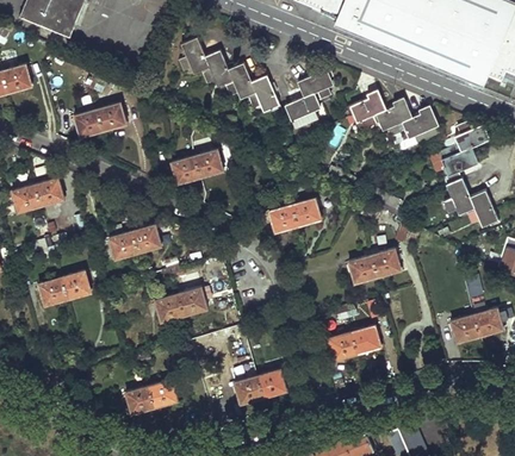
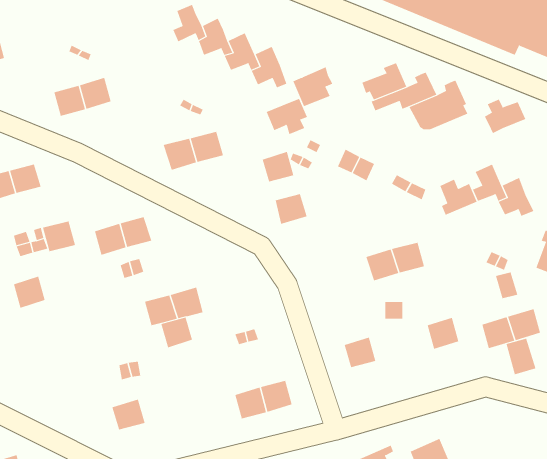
building: [297,70,334,102] -> [266,98,308,135]
building: [445,145,478,177] -> [440,179,477,215]
building: [292,199,321,226] -> [262,151,294,182]
building: [61,273,91,300] -> [42,221,76,252]
building: [353,325,381,354] -> [427,317,459,350]
building: none -> [506,338,536,375]
building: [149,381,178,408] -> [161,317,193,348]

